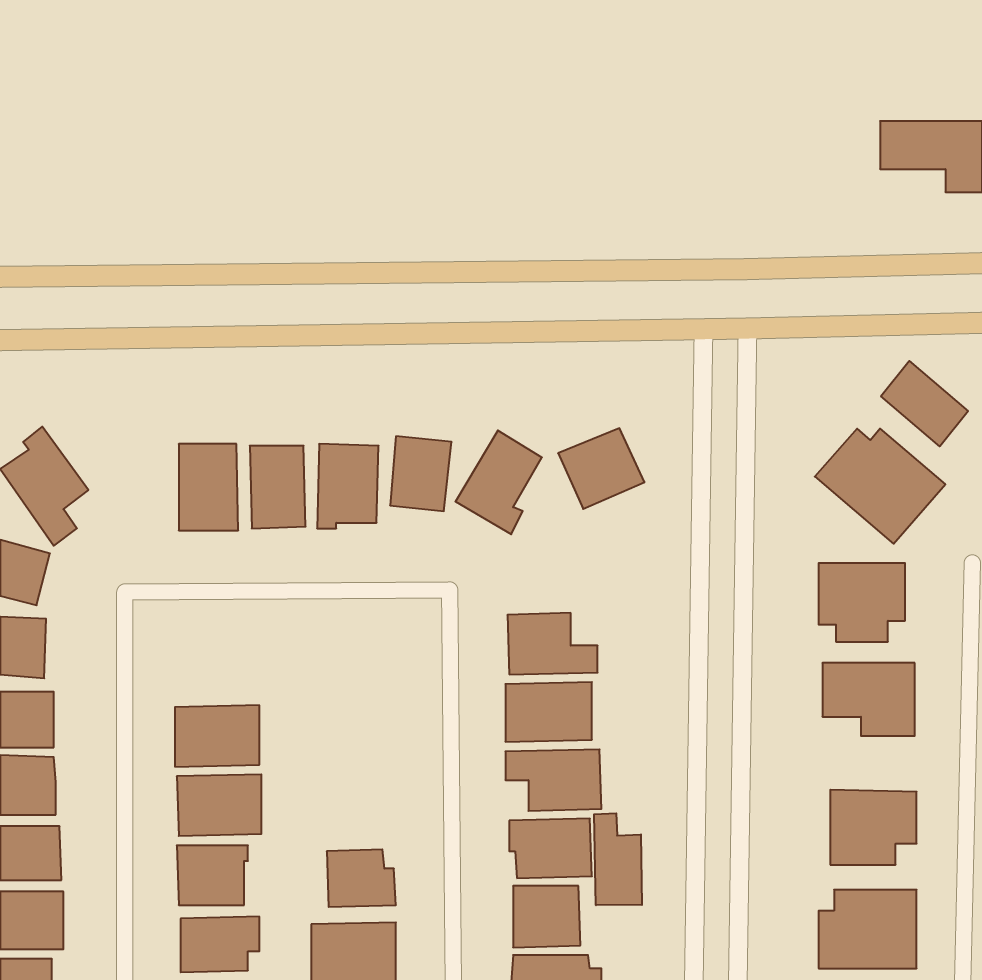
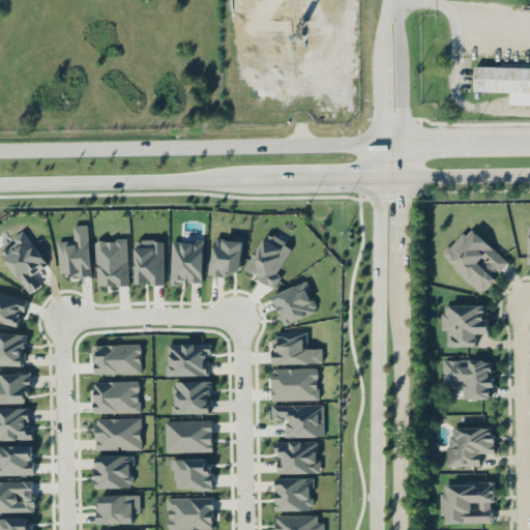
building: [881,361,968,446] -> none
building: none -> [58,225,91,277]
building: [558,428,645,509] -> [271,283,318,326]
building: none -> [167,344,211,377]
building: none -> [93,345,142,375]
building: none -> [174,381,211,414]
building: none -> [166,420,212,453]
building: [594,813,642,905] -> none

